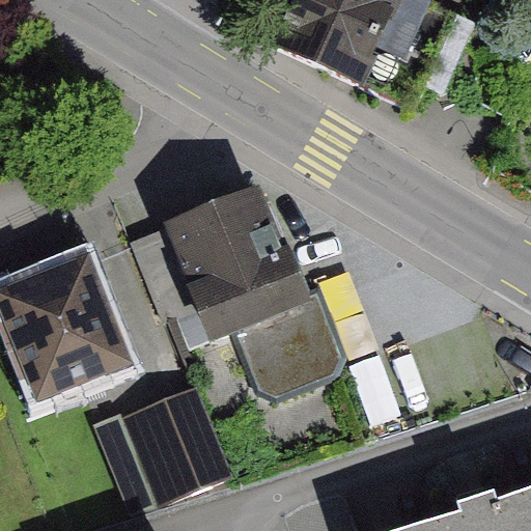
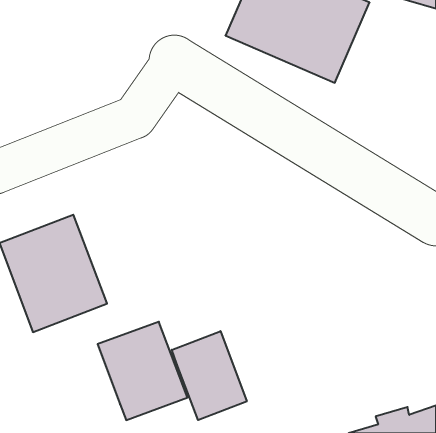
building: [168,187,332,395] -> none
building: none -> [172,331,247,420]

